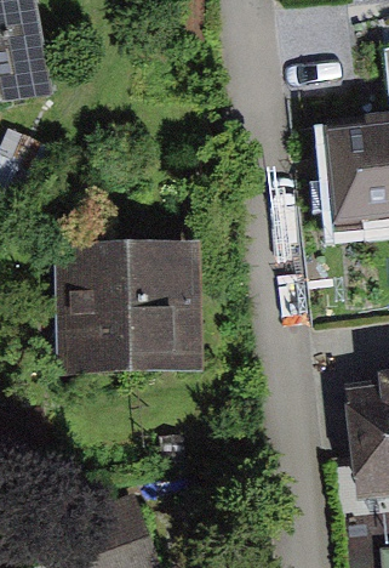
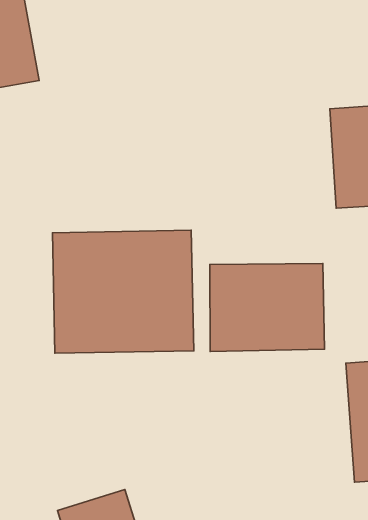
building: none -> [210,263,325,351]

